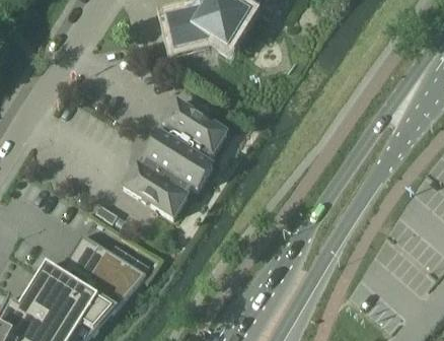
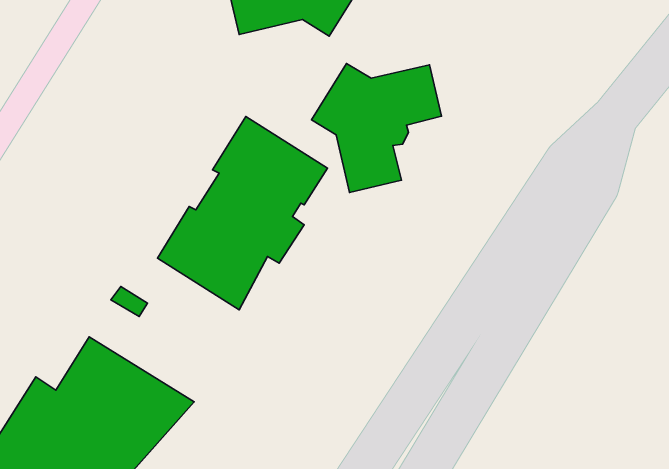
building: none -> [311,63,442,192]

